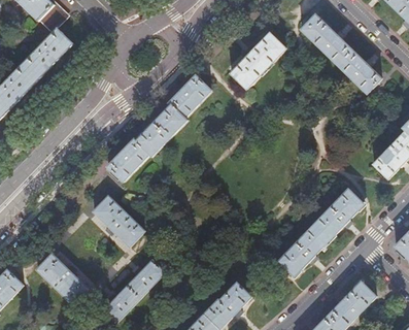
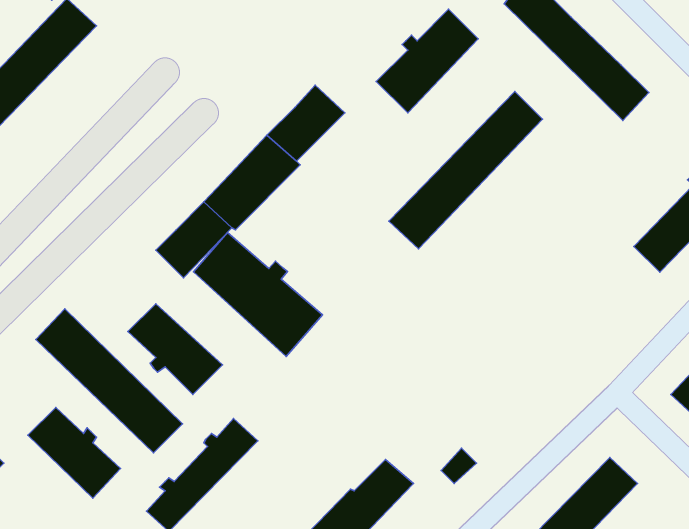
building: none -> [193,233,322,357]
building: [278,189,364,276] -> [389,91,543,249]
building: none -> [36,309,182,453]

